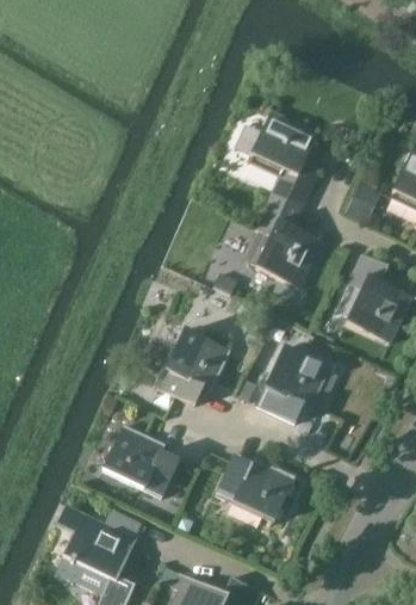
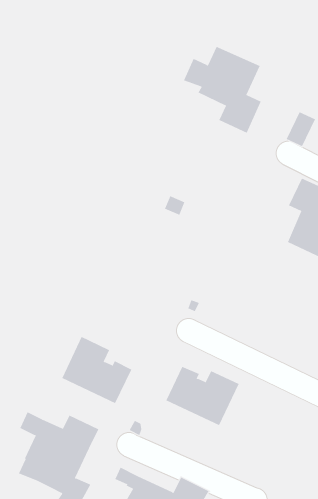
building: [252,192,322,289] -> none
building: [159,329,231,409] -> none
building: [257,347,330,424] -> none

